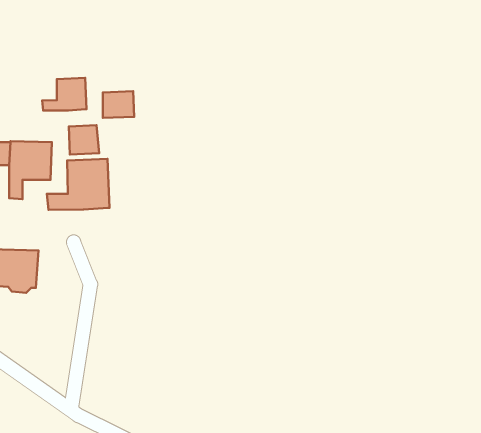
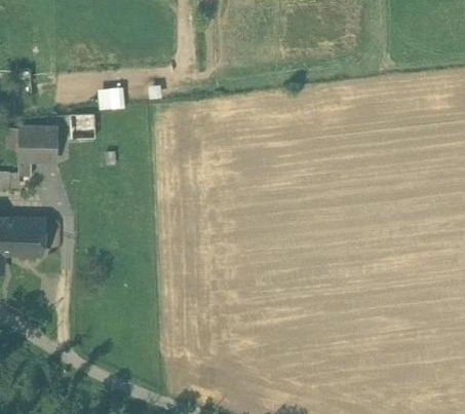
building: [42,78,86,111] -> none
building: [47,159,109,210] -> none

